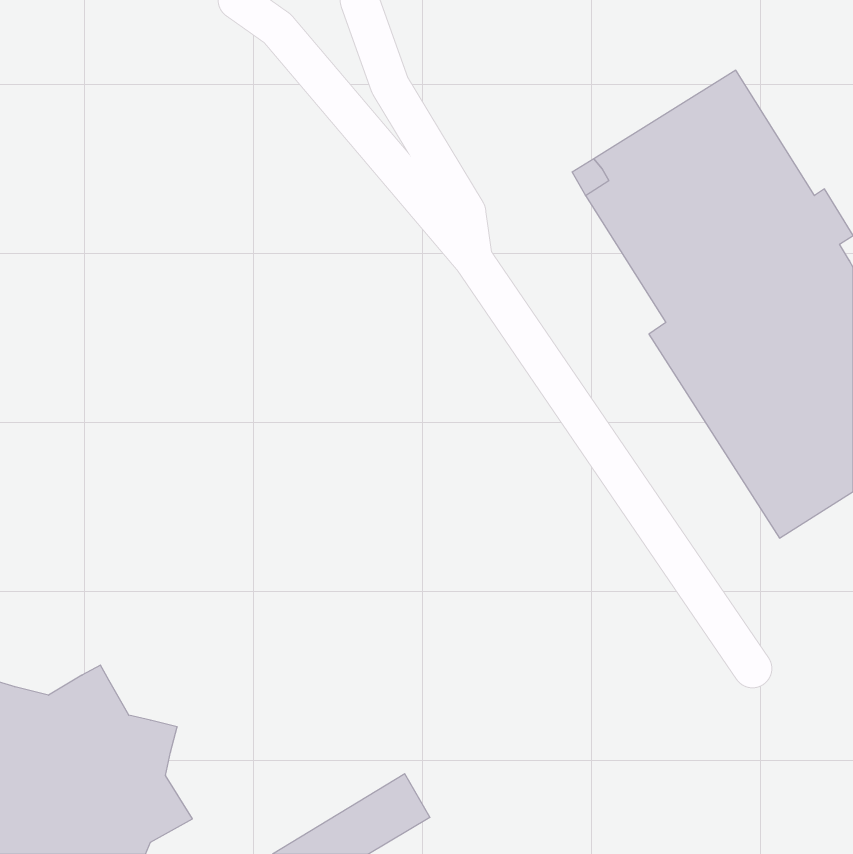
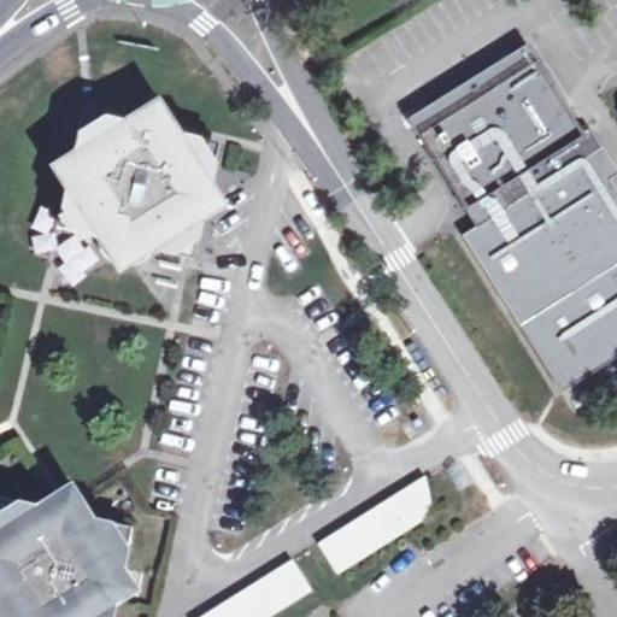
building: none -> [48,95,228,275]
building: none -> [316,476,429,574]

